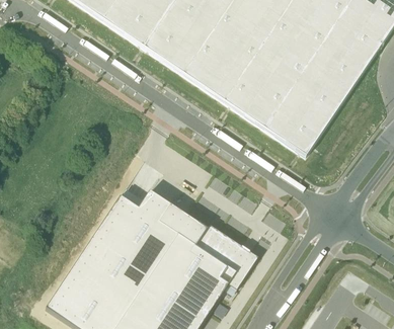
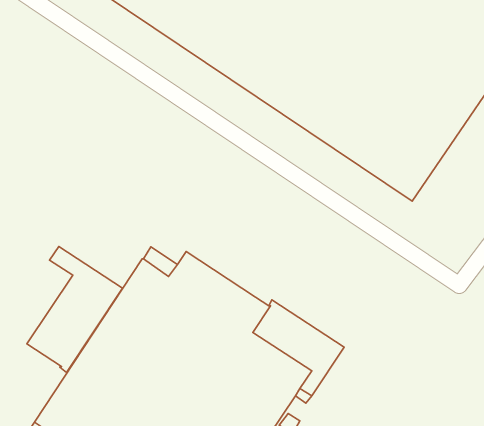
building: none -> [27,247,123,372]

